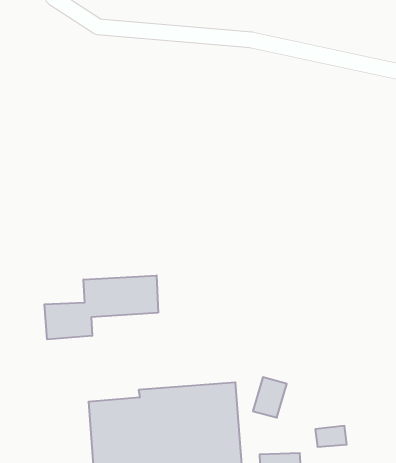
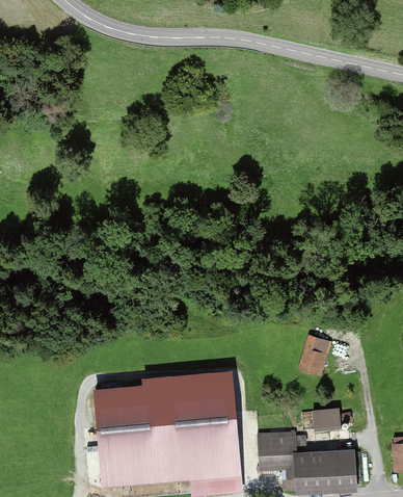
building: [45,275,158,339] -> none
building: [253,377,287,418] -> [299,338,331,376]

